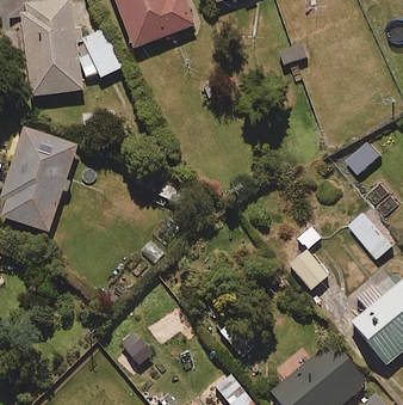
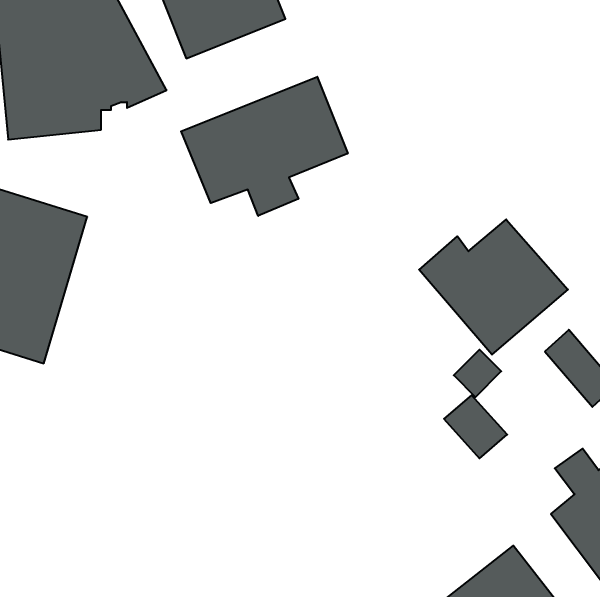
building: none -> [181,77,348,216]
building: none -> [419,219,568,355]

